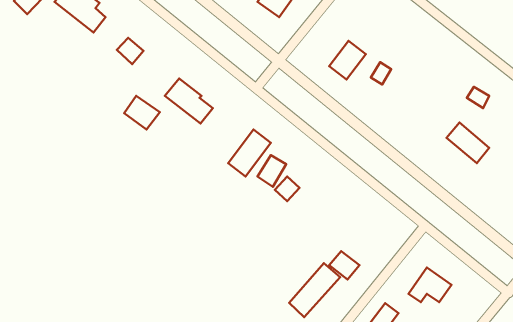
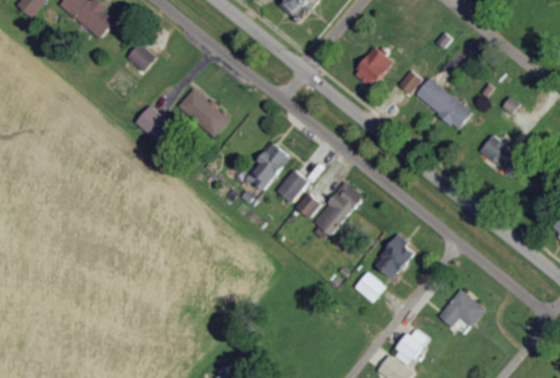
building: none -> [415,79,471,130]
building: none -> [373,236,416,279]
building: [289,263,340,317] -> [308,181,363,239]

